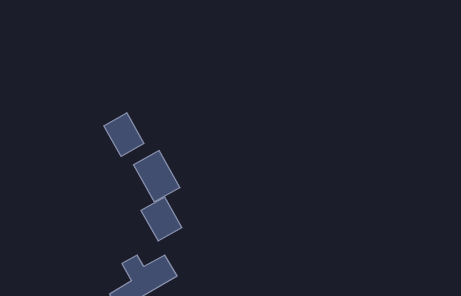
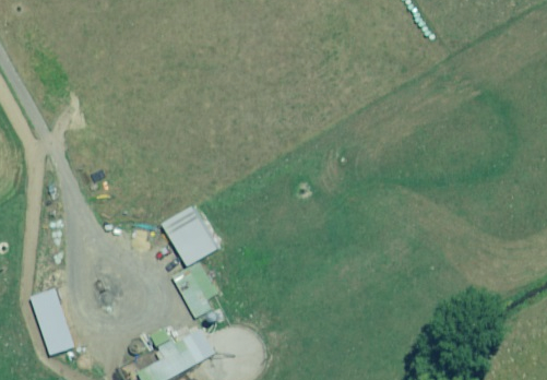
building: [104,113,144,156] -> none
building: none -> [29,287,75,357]

